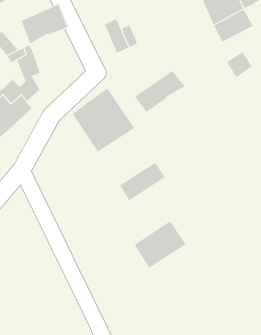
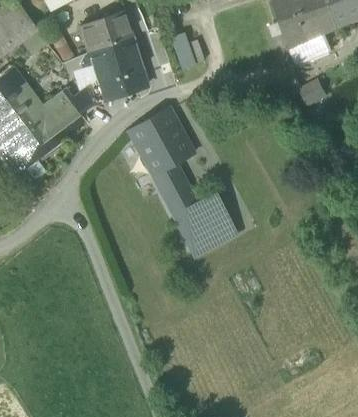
building: none -> [88,37,146,102]
building: [134,70,185,113] -> none
building: none -> [152,162,196,213]
building: [134,221,186,268] -> [181,208,238,258]

